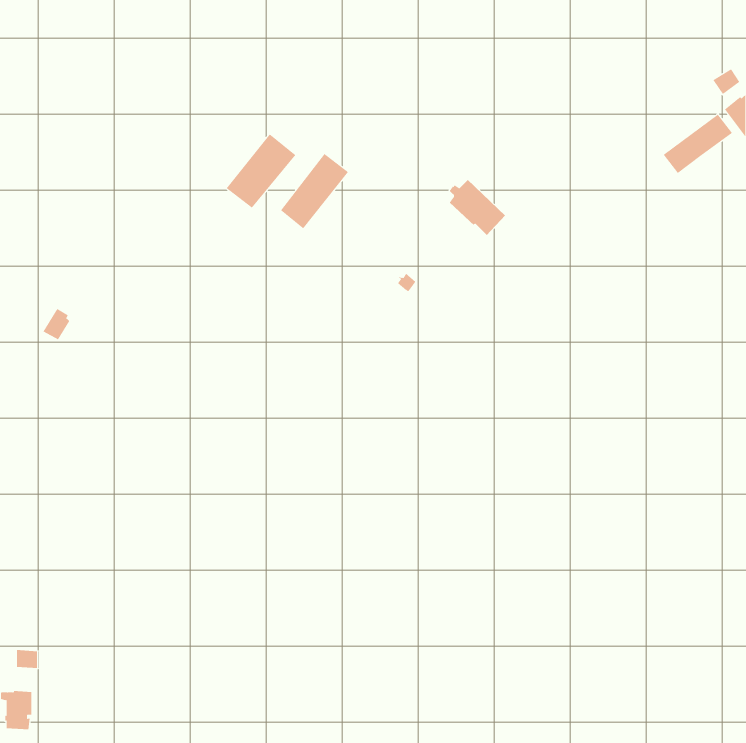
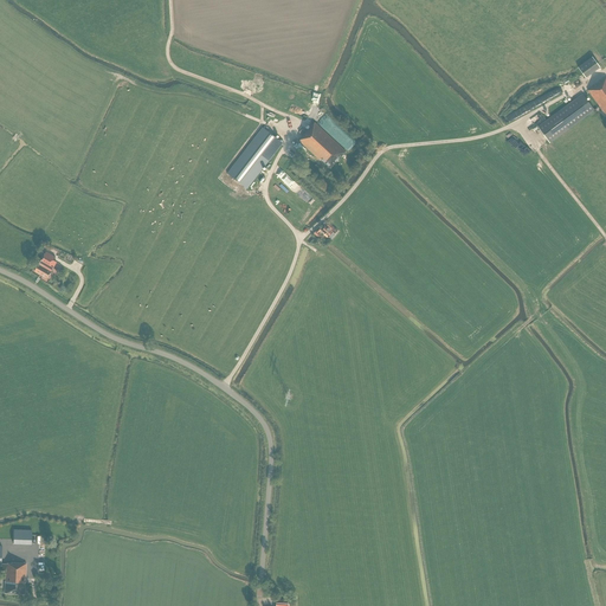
building: [226,133,296,209] -> none
building: [449,179,506,236] -> [299,121,346,167]

